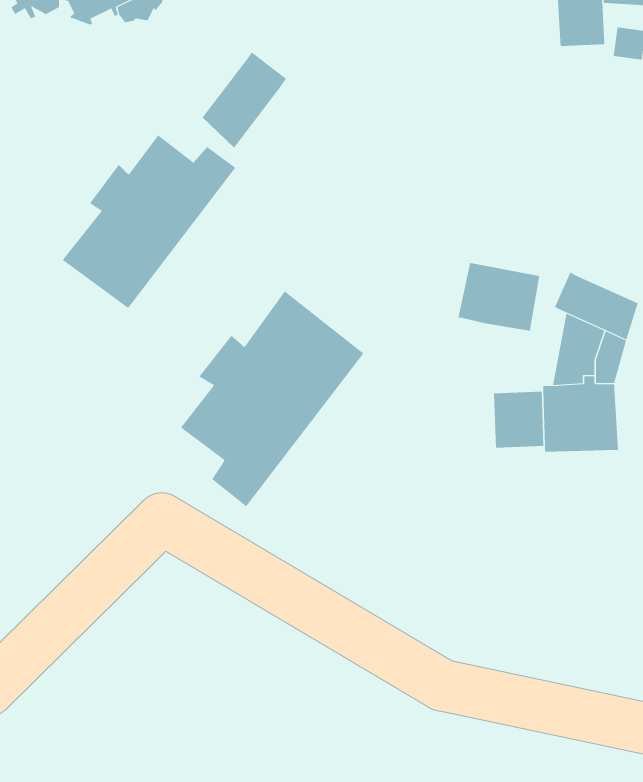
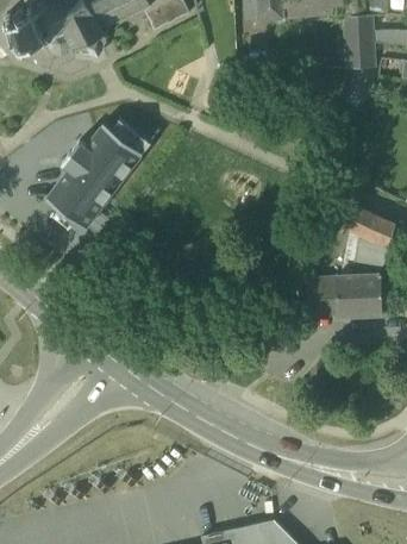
building: [202,51,287,148] -> none
building: [458,262,540,332] -> none
building: [180,291,364,507] -> none

